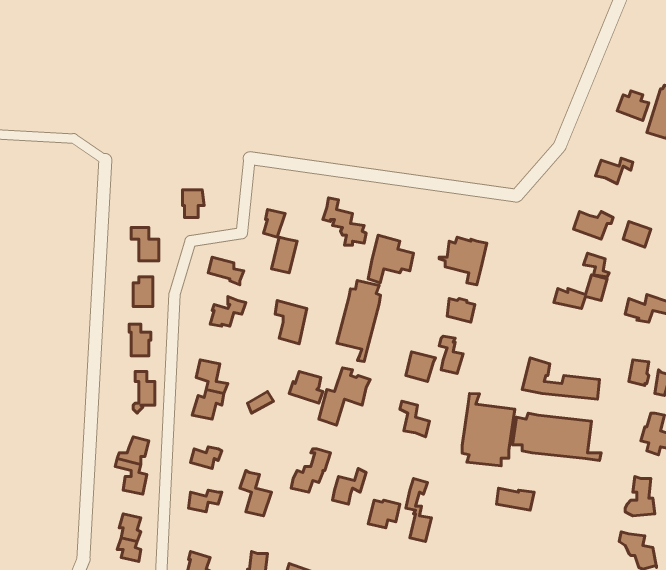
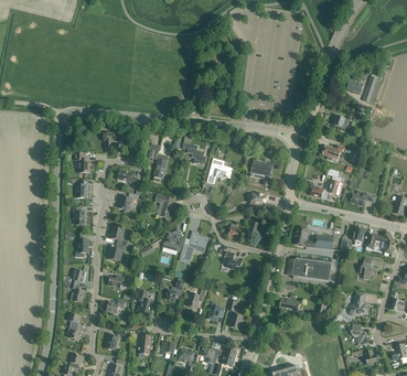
building: [337,280,381,361] -> none
building: [462,393,515,466] -> none

